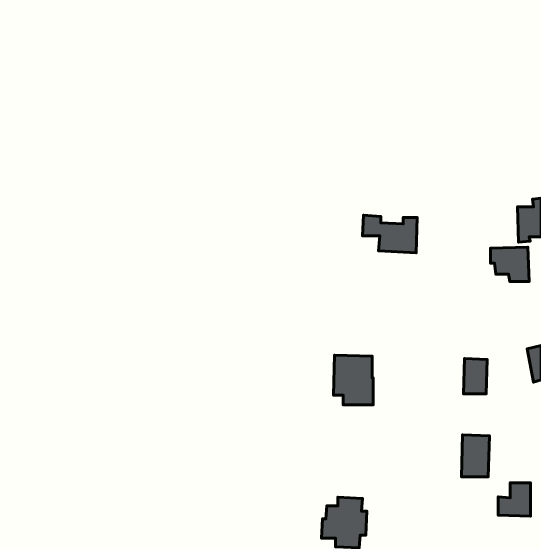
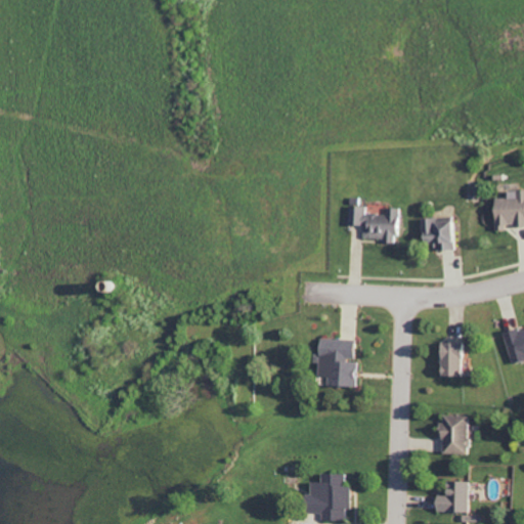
building: [490,247,529,282] -> [419,216,455,249]
building: [498,483,530,516] -> [435,480,466,512]

